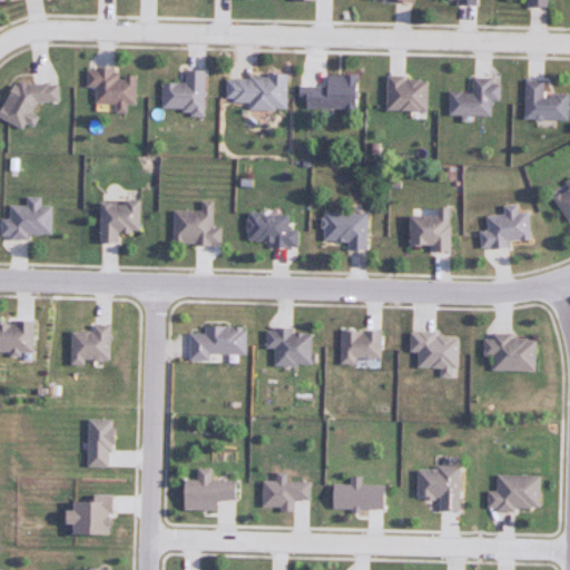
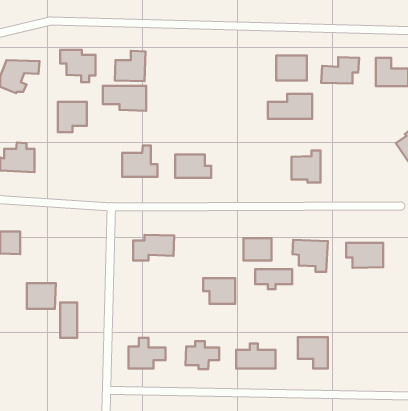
building: [299,75,361,109] -> [268,94,312,119]
building: [227,76,287,110] -> [103,86,146,111]
building: [98,200,138,243] -> [58,102,87,132]
building: [480,205,530,249] -> none
building: [322,214,365,250] -> none
building: [70,327,110,363] -> [27,283,56,309]
building: [265,330,309,365] -> [203,278,235,304]
building: none -> [255,269,292,289]
building: [487,474,537,509] -> none
building: [62,493,109,533] -> none

